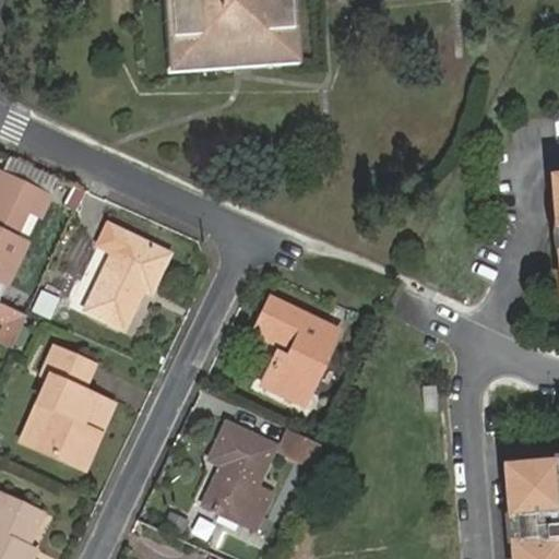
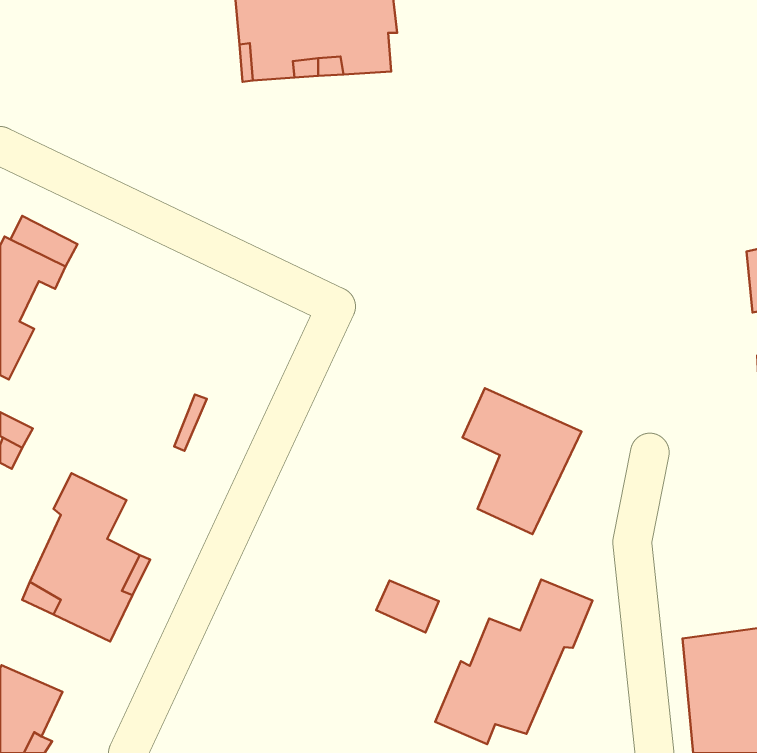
building: [87,223,169,324] -> none
building: [251,300,338,407] -> [463,388,582,534]
building: none -> [435,579,592,744]
building: [202,427,273,533] -> none

